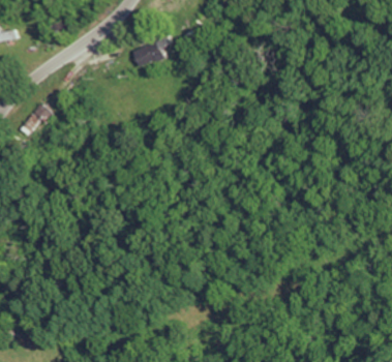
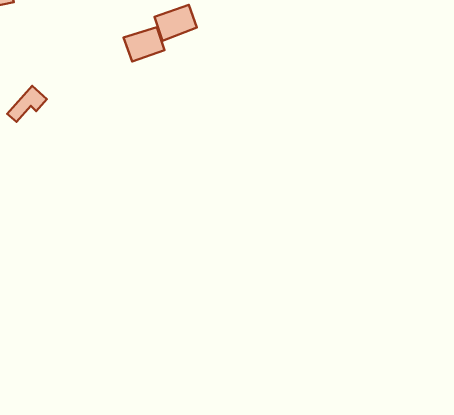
building: none -> [124,27,165,61]

